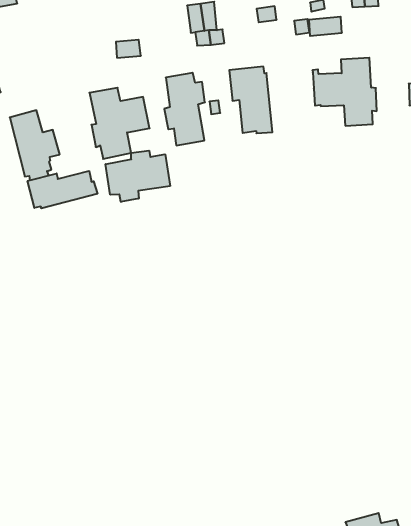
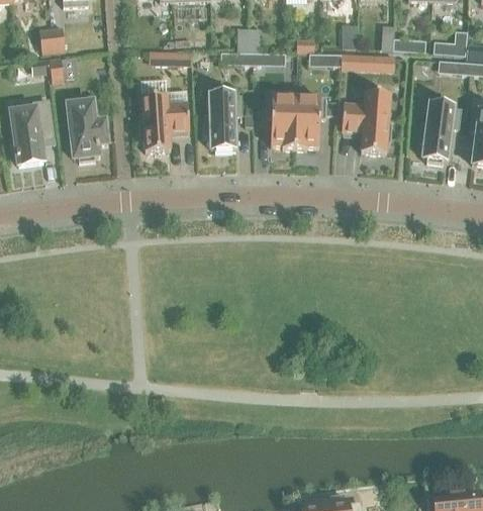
building: none -> [296,96,339,148]
building: [106,151,170,202] -> none
building: [28,171,97,208] -> none

